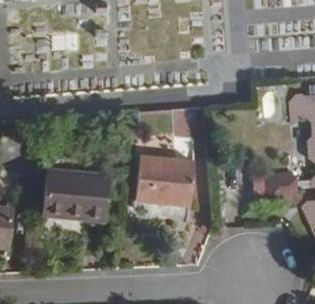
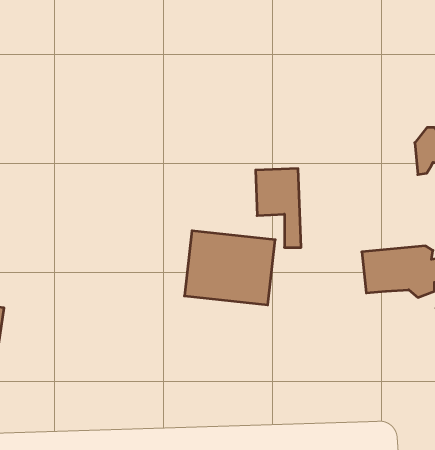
building: [39,170,106,222] -> none

